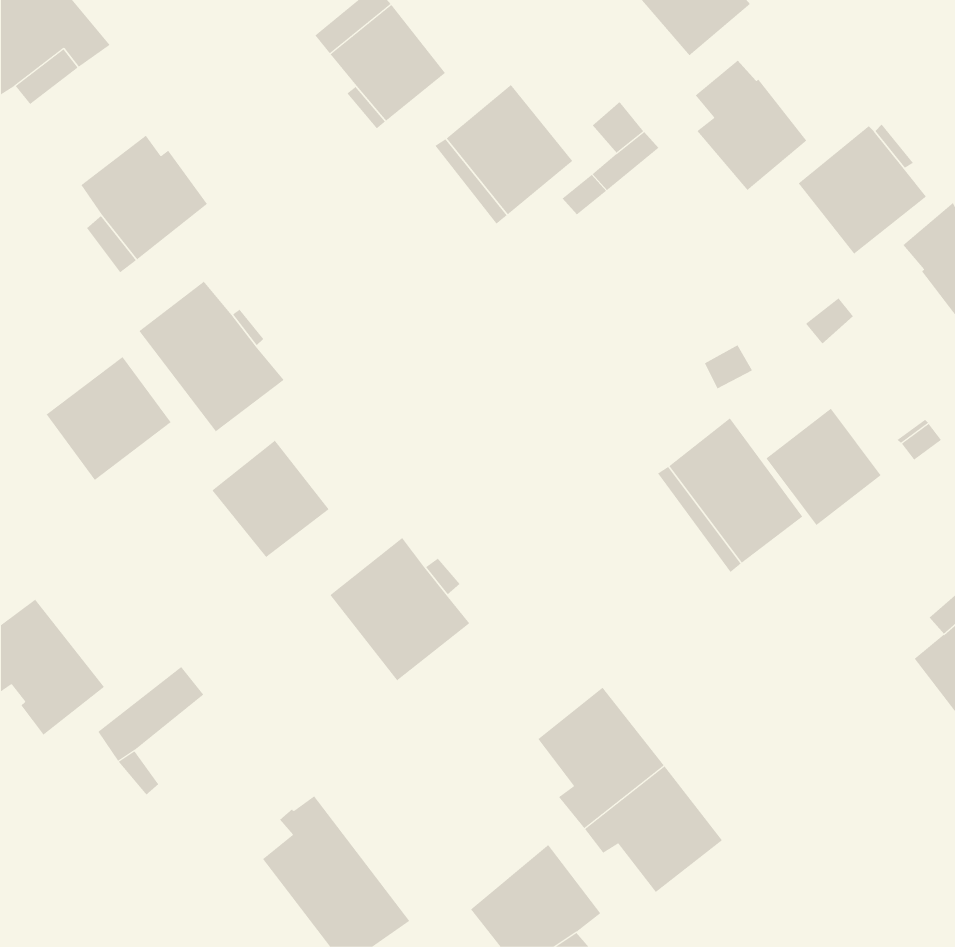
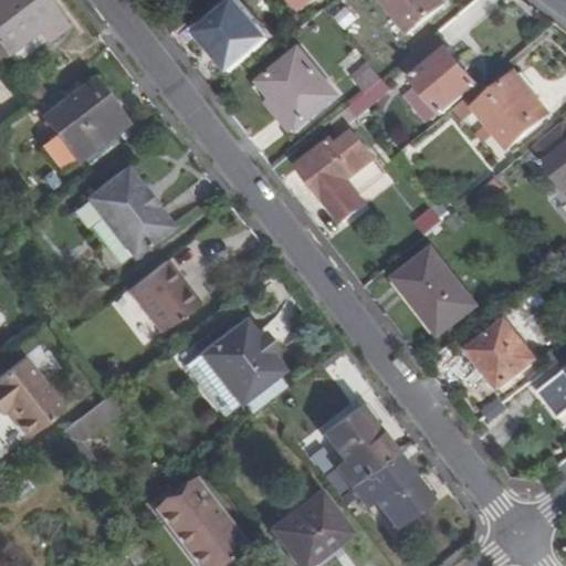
building: none -> [297,129,375,220]
building: [46,356,171,481] -> none
building: [765,408,882,526] -> [468,318,536,388]

